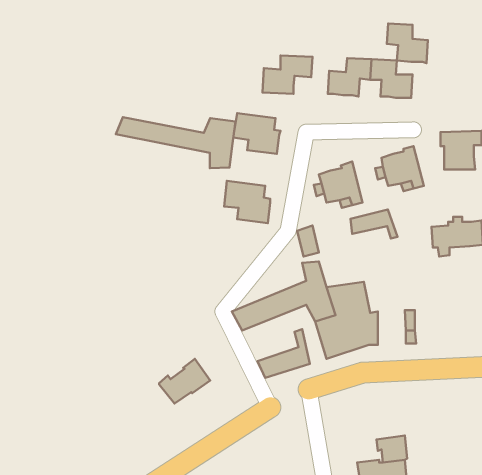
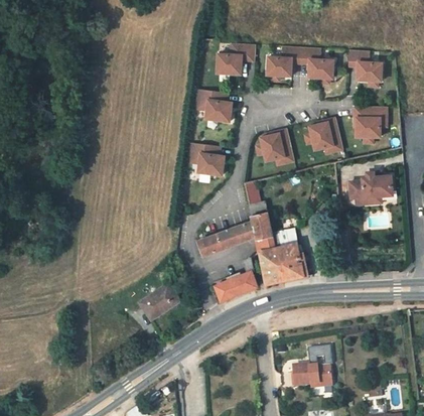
building: [387,23,428,63] -> [351,49,384,81]
building: [116,117,236,168] -> none
building: [351,209,397,238] -> none

